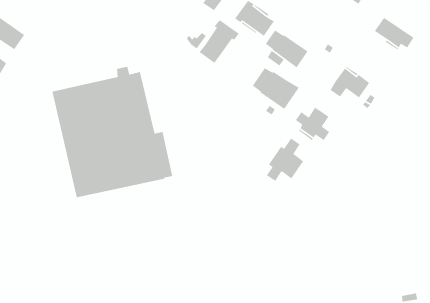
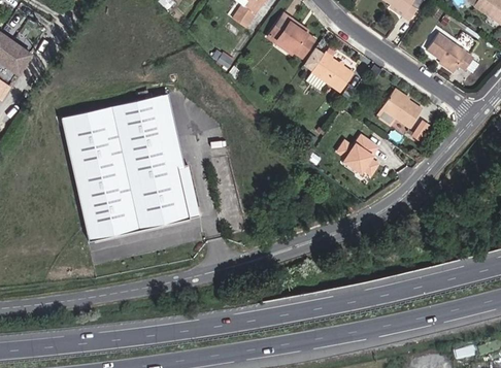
building: [198,19,240,64] -> none
building: [252,67,300,110] -> none
building: [266,138,304,182] -> none

